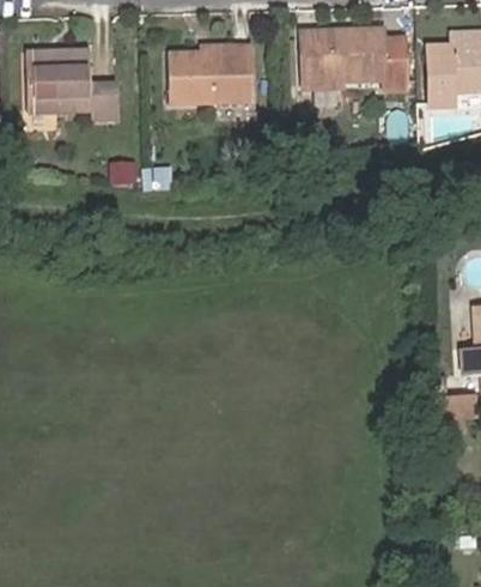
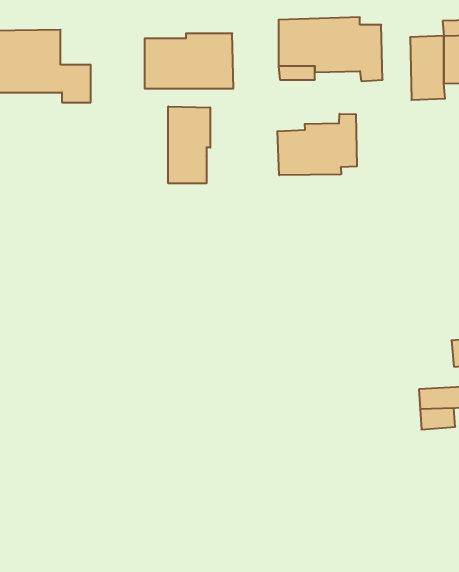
building: none -> [168,106,210,183]
building: none -> [277,114,357,175]

